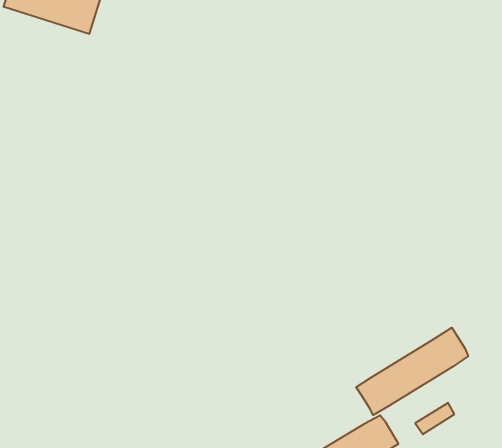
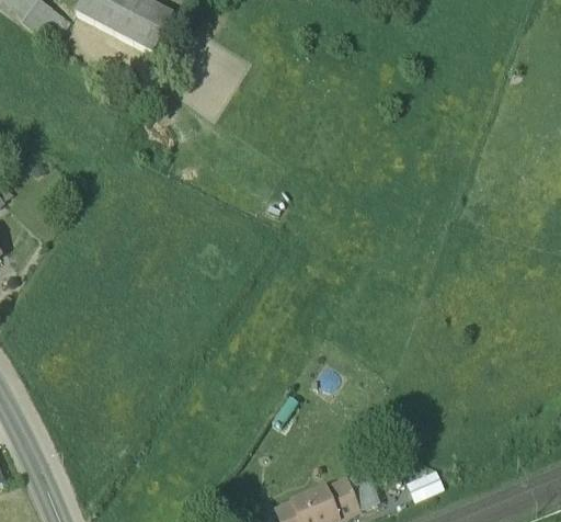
building: [356,328,468,415] -> none

